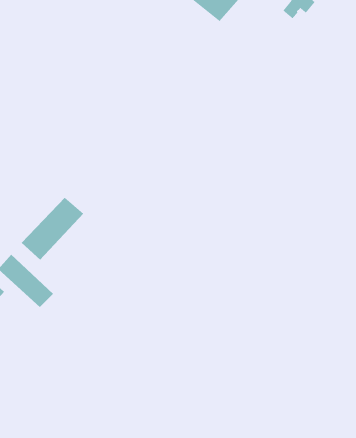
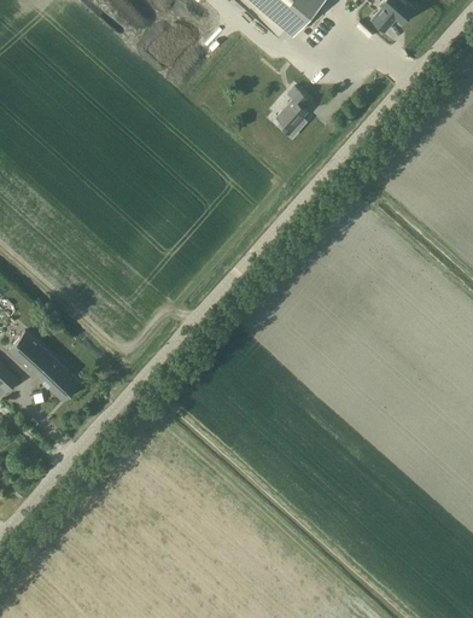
building: none -> [276,88,308,138]
building: [21,197,84,261] -> none

